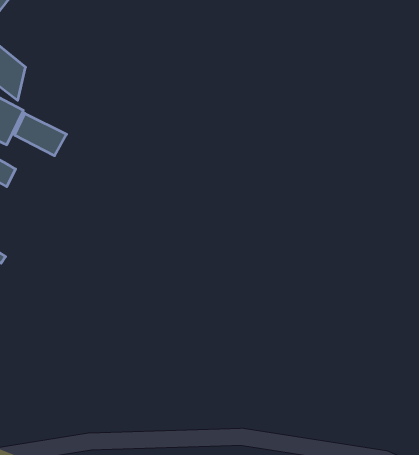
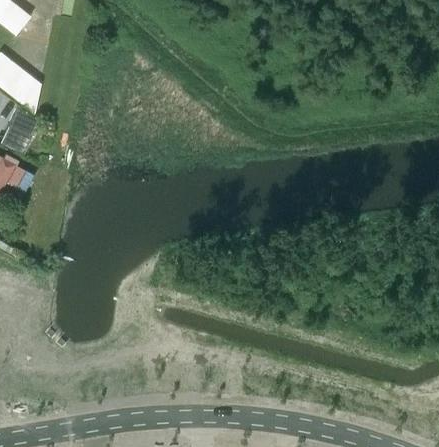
building: [15,113,67,156] -> none

